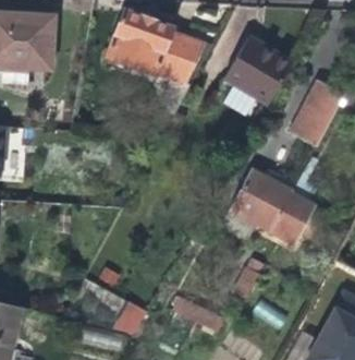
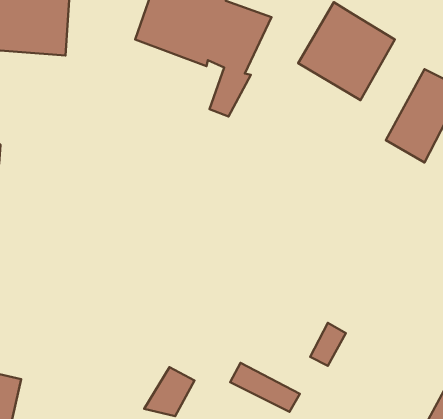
building: [221,168,319,247] -> none

